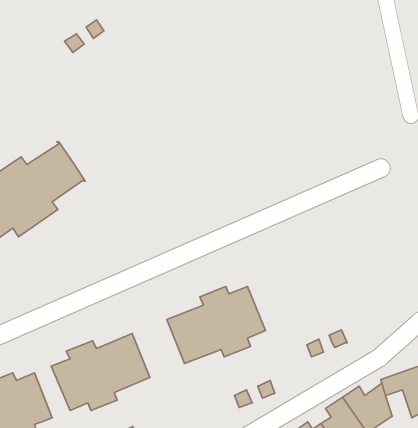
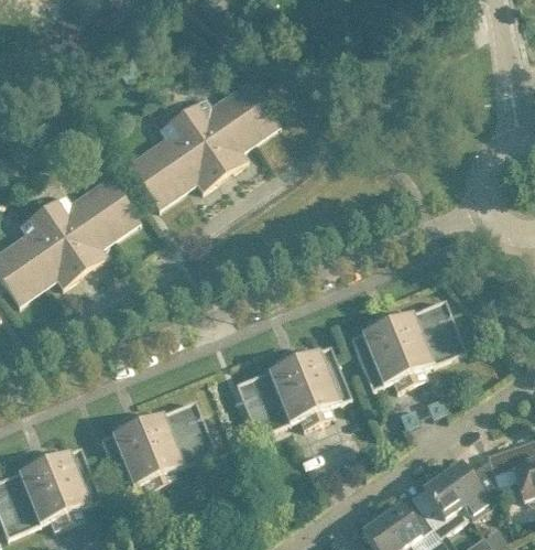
building: none -> [127,78,280,208]
building: none -> [350,299,466,390]

